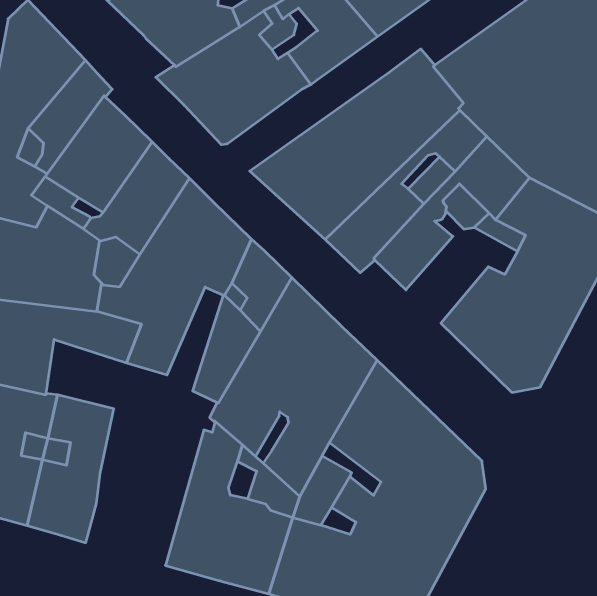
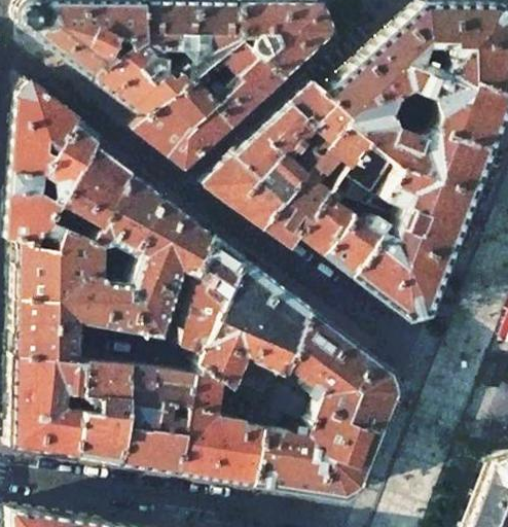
building: none -> [326,214,389,277]
building: none -> [120,366,194,473]

